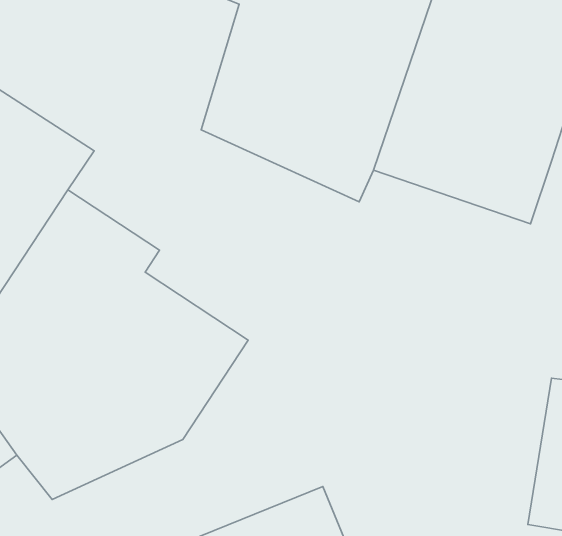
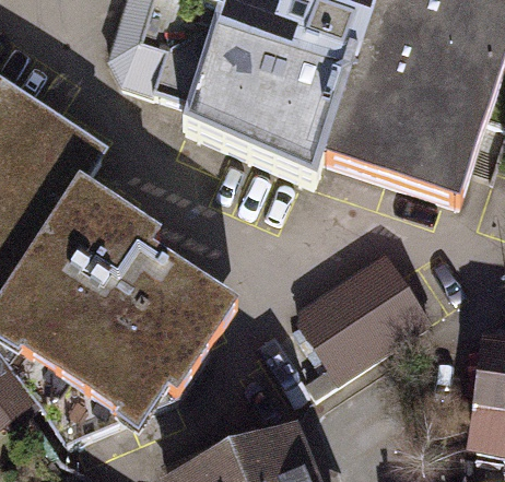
building: none -> [290,247,431,378]

